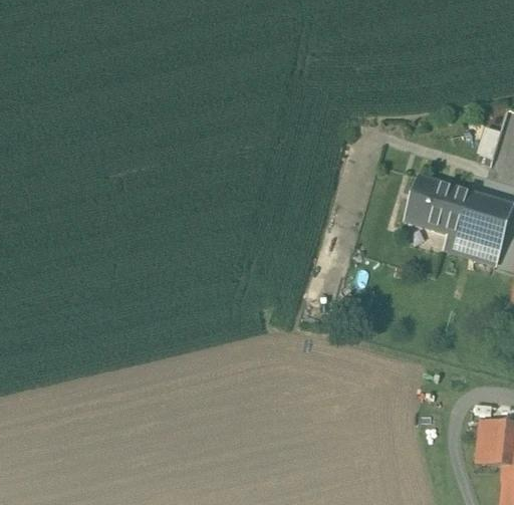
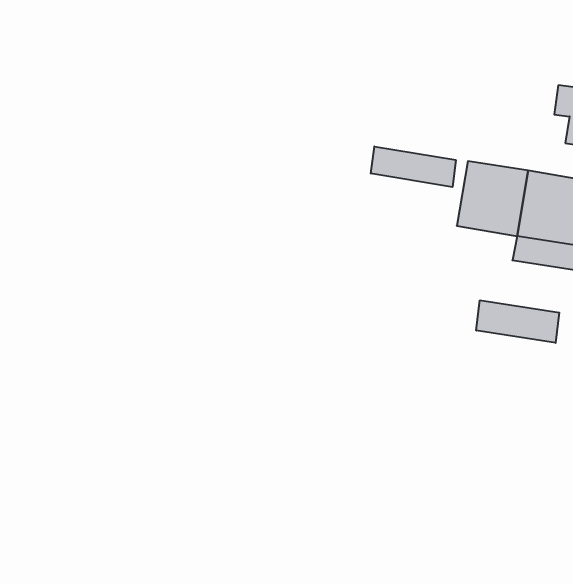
building: none -> [371,146,456,187]
building: none -> [476,300,559,343]

